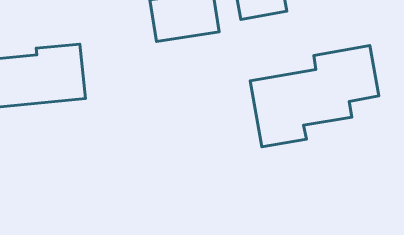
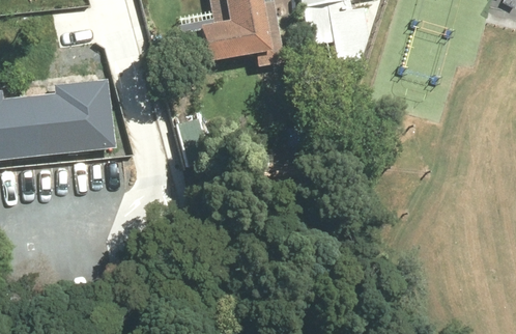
building: [250,45,379,147] -> none

